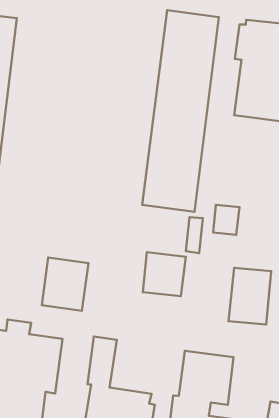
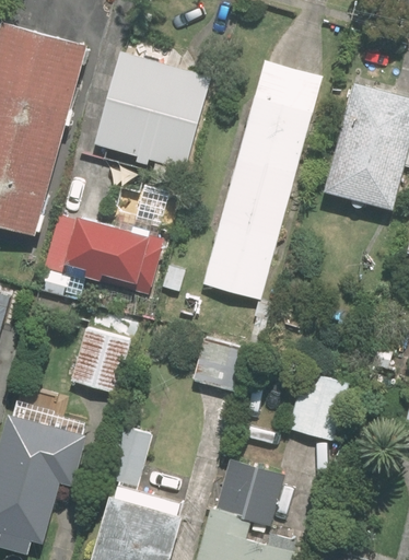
building: none -> [94,50,211,168]
building: none -> [43,212,161,296]

